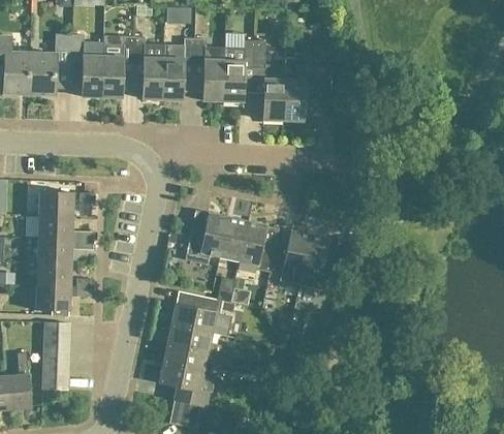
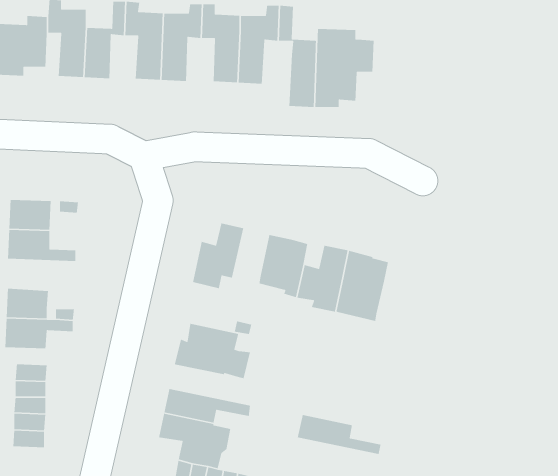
building: [216,215,245,259] -> none
building: [37,240,92,265] -> none
building: [165,323,232,355] -> [297,414,382,455]

